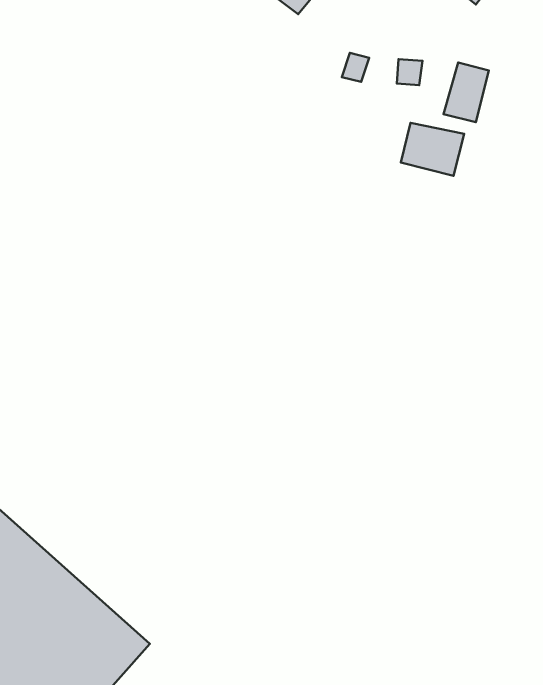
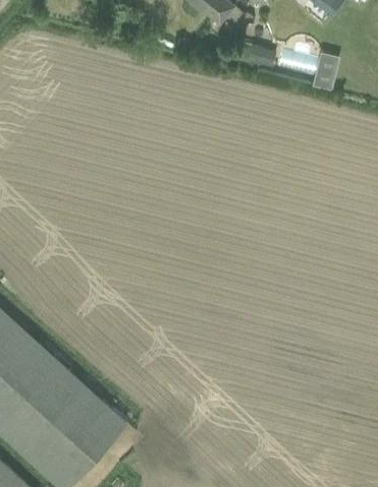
building: [401,123,464,176] -> none

